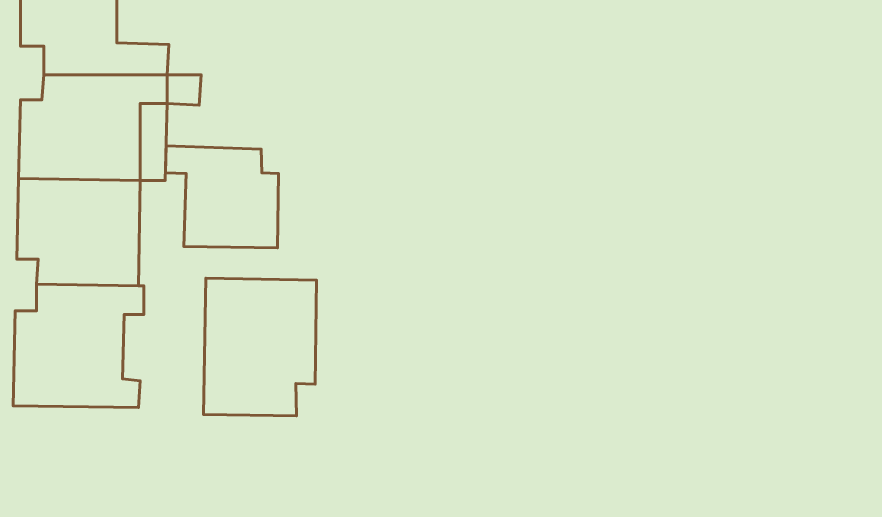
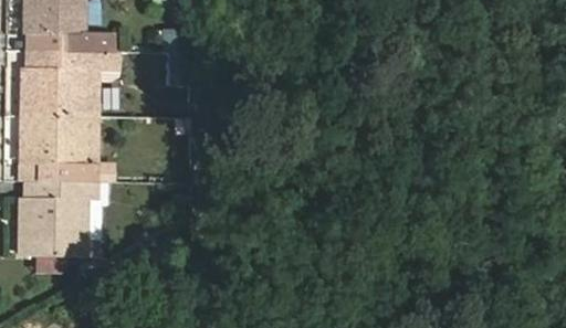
building: [165,146,278,248] -> none
building: [204,278,317,416] -> none

